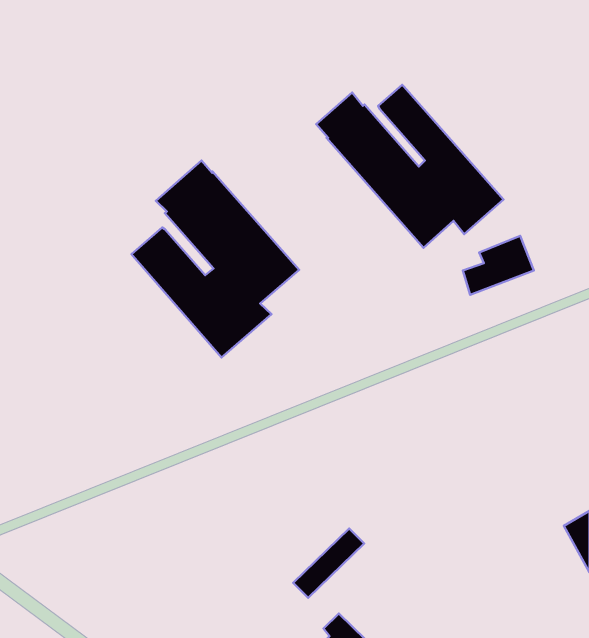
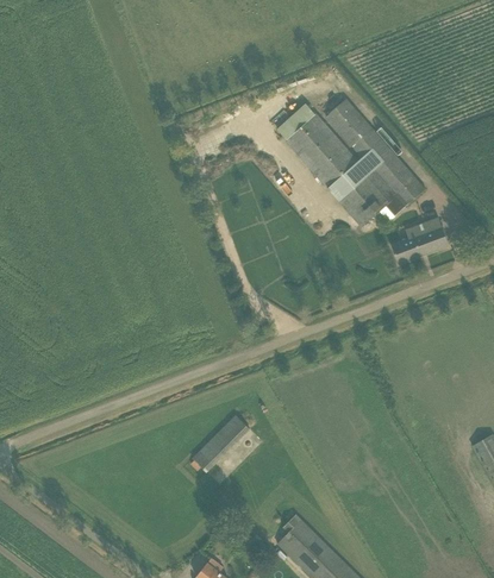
building: [132,161,299,358] -> none
building: [293,528,364,598] -> [194,414,250,469]

